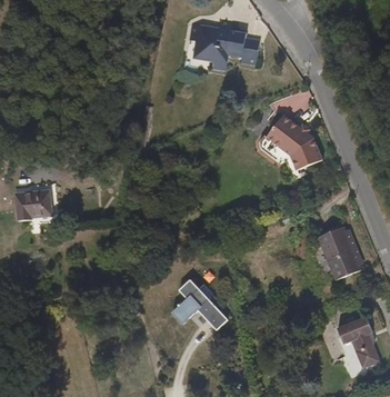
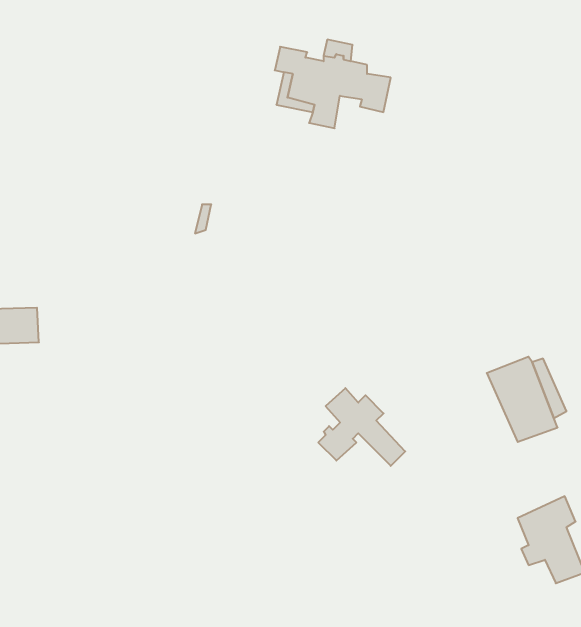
building: [264,108,322,167] -> none
building: [171,281,224,329] -> [318,388,405,466]

